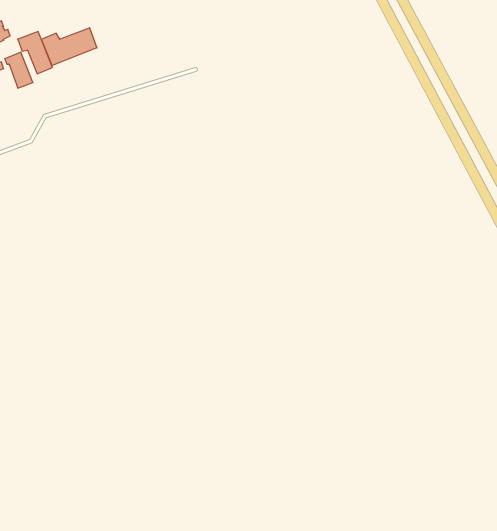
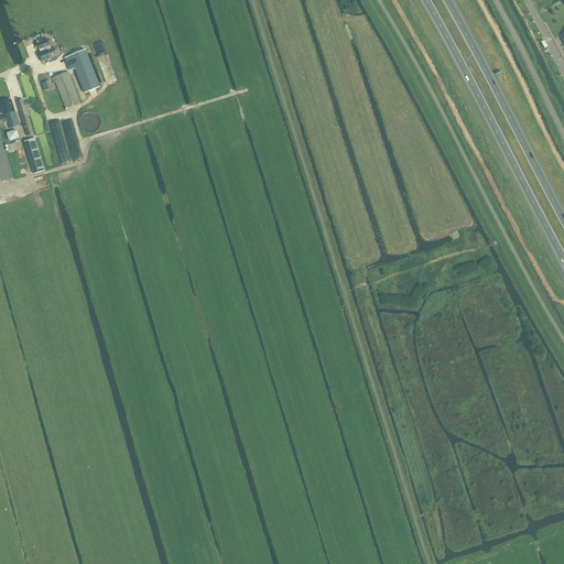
building: [41,28,97,65] -> none

